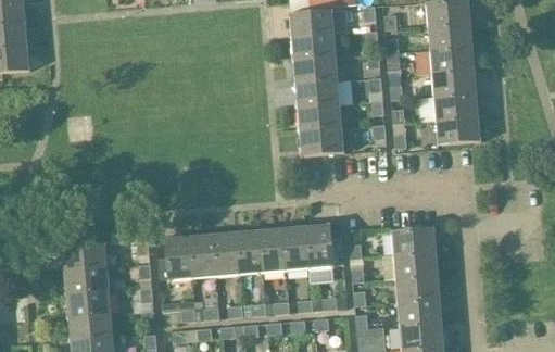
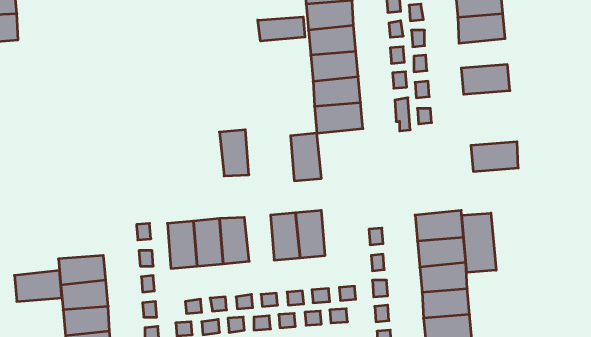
building: none -> [258,17,305,41]
building: [431,68,476,96] -> none
building: [436,116,479,143] -> [471,142,518,171]
building: [305,224,333,267] -> [291,133,321,181]
building: none -> [462,213,496,273]
building: [235,230,262,273] -> [219,130,249,176]
building: [62,242,105,271] -> [14,271,62,301]

